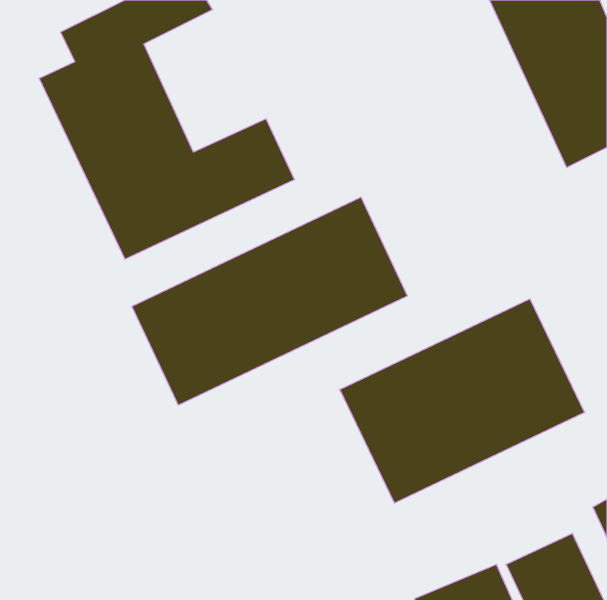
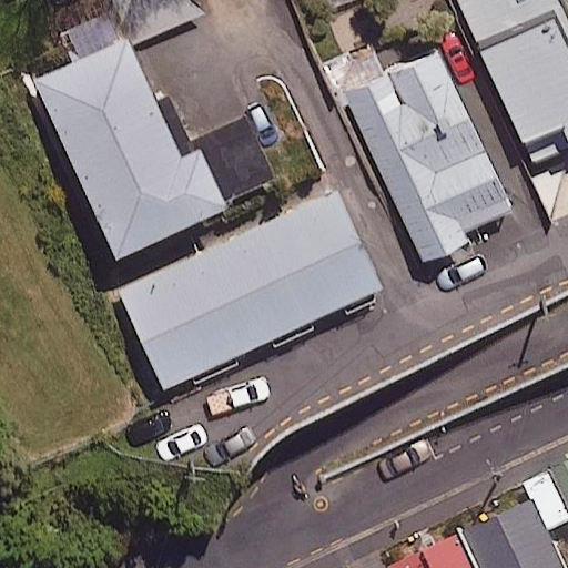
building: none -> [335,55,508,261]
building: [340,299,585,503] -> none

